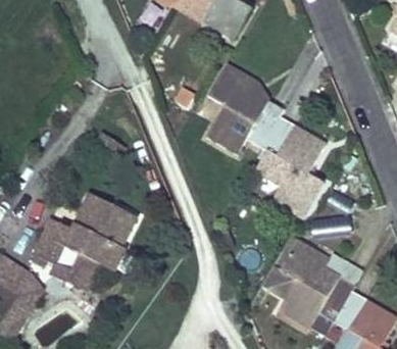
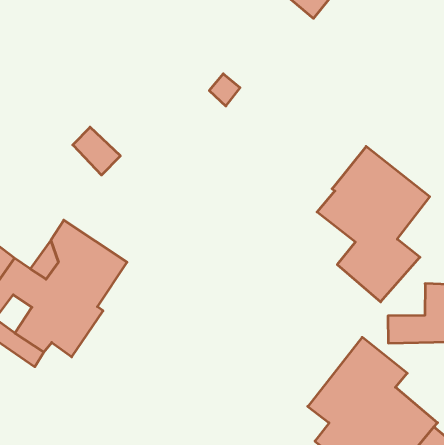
building: [205,65,280,155] -> none

